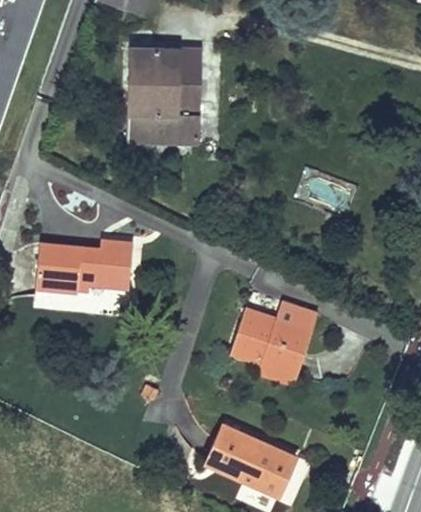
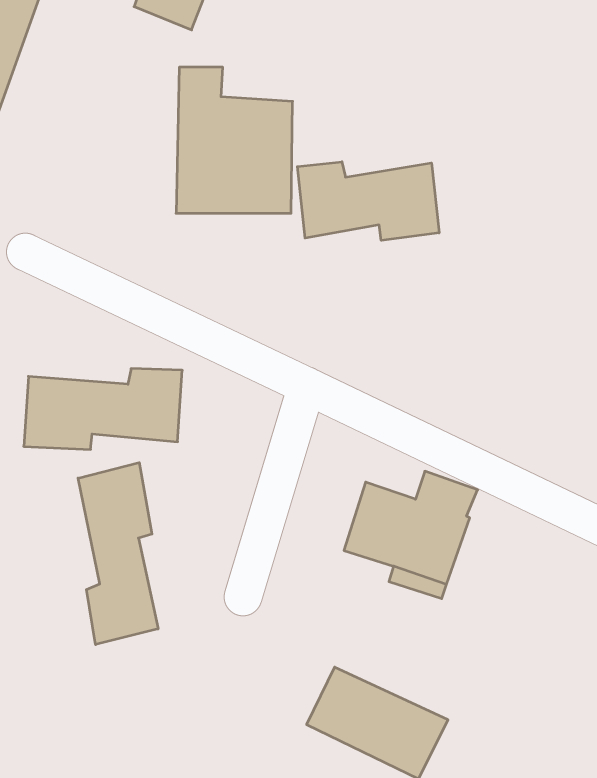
building: [157,45,203,67] -> none
building: none -> [297,162,439,240]
building: none -> [78,463,158,645]

